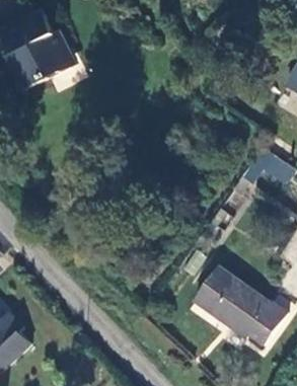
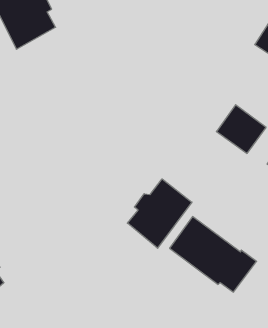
building: none -> [127,179,192,248]

